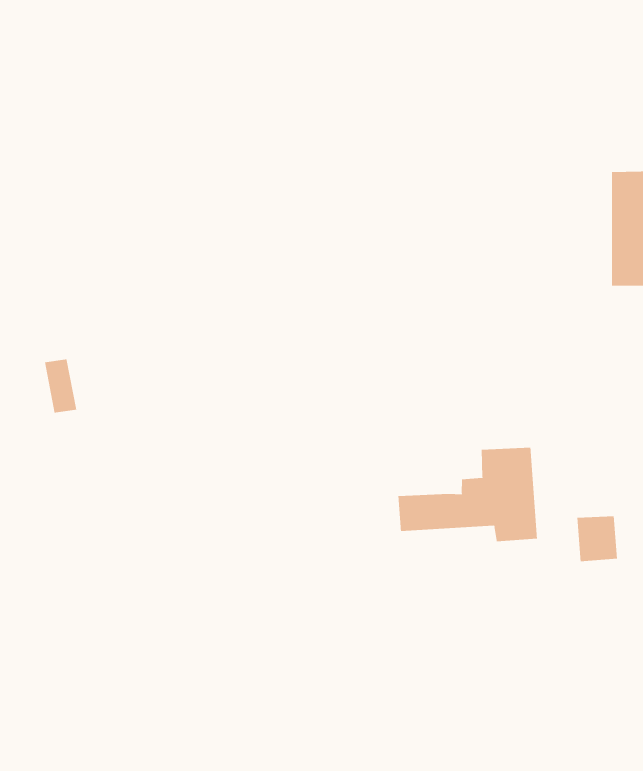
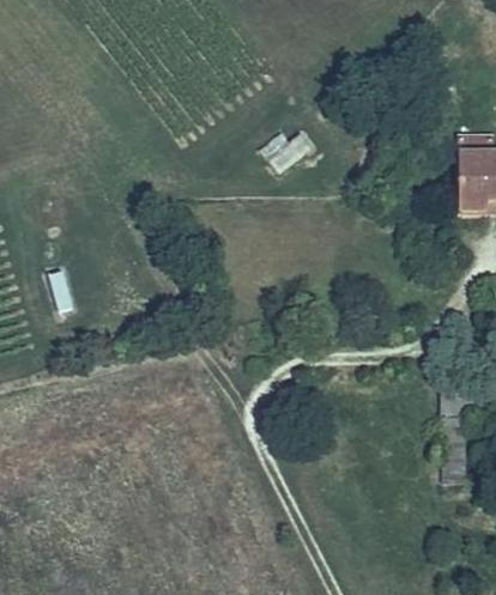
building: [398,447,538,542] -> none

